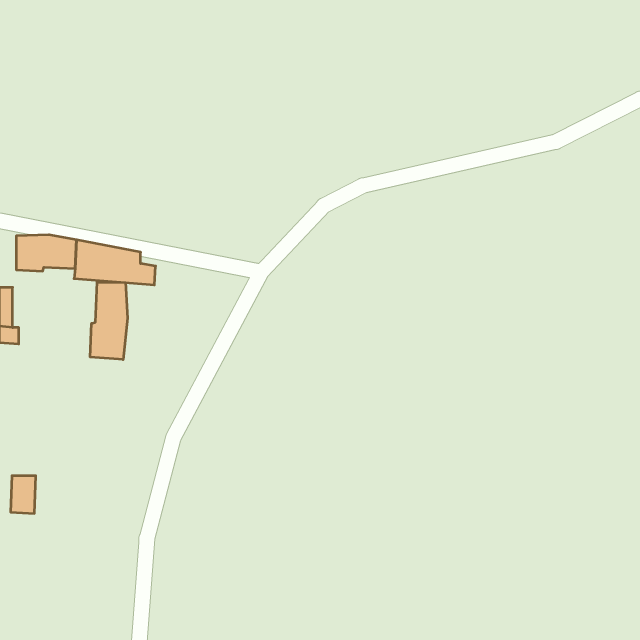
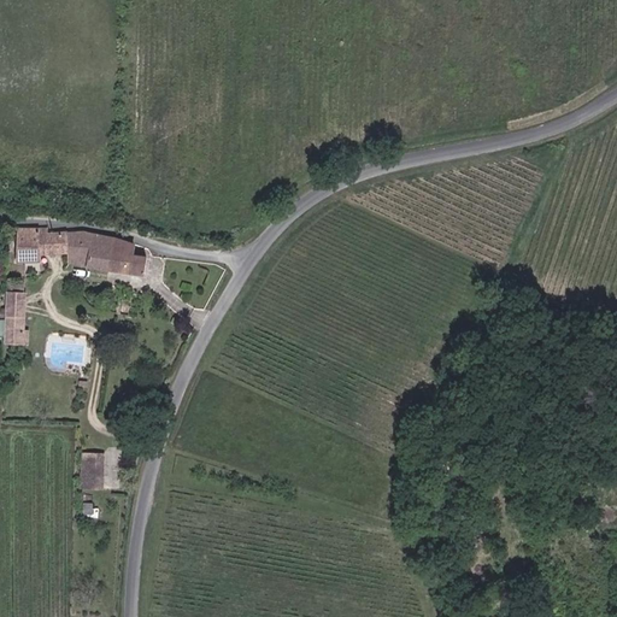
building: [90,282,128,360] -> none
building: [11,476,36,513] -> [81,452,105,488]

